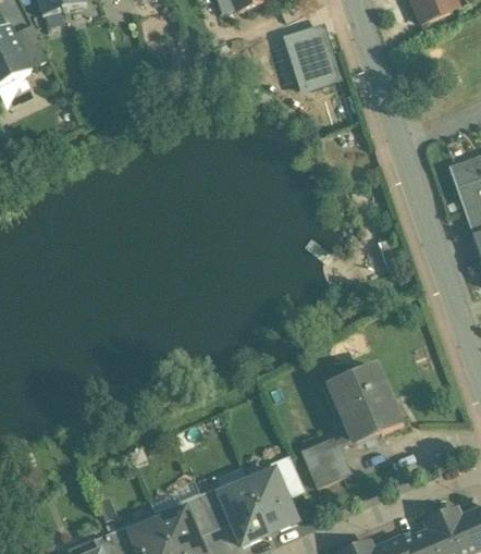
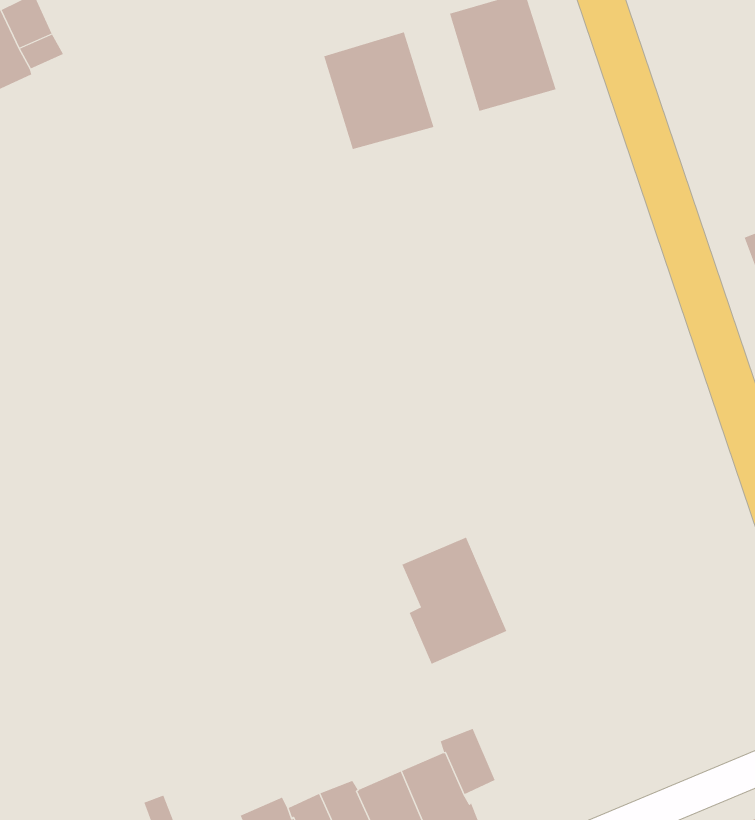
building: none -> [324,31,434,150]
building: [337,366,399,441] -> [402,537,507,665]
building: [301,445,351,487] -> none

